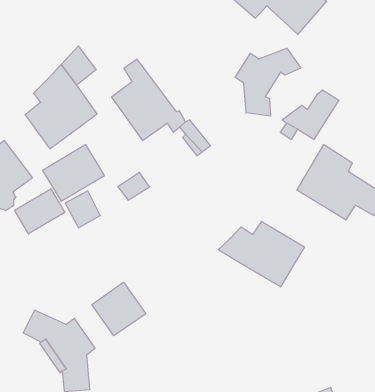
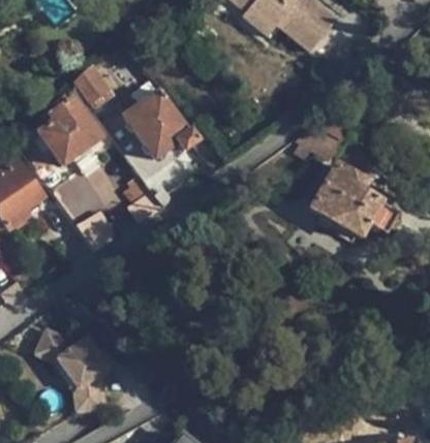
building: [235,48,301,116] -> none
building: [15,189,65,234] -> none
building: [218,221,305,287] -> none
building: [92,282,146,336] -> none

